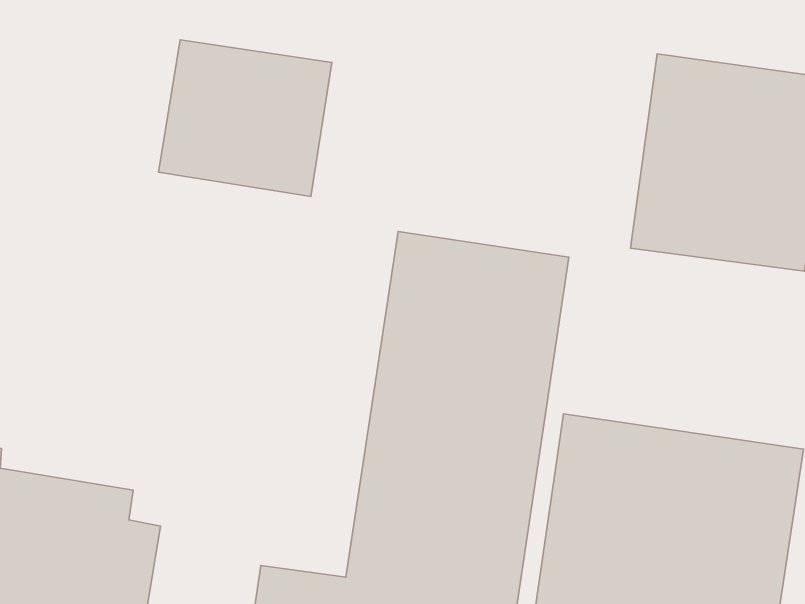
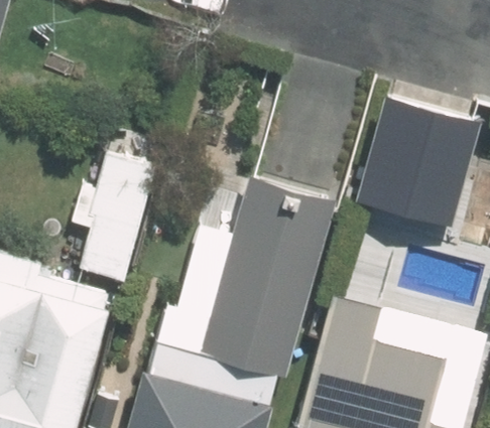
building: [158,40,332,196] -> none
building: none -> [63,148,149,280]

